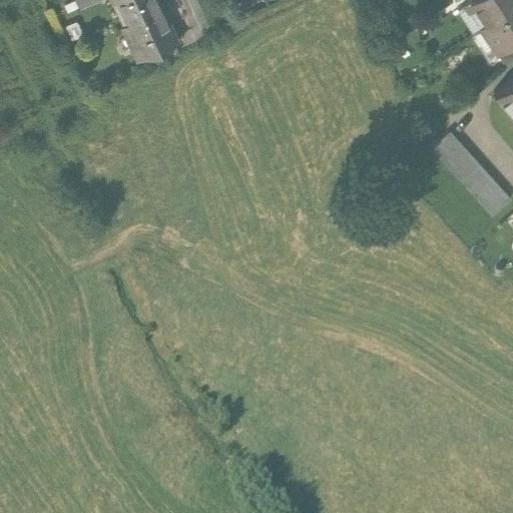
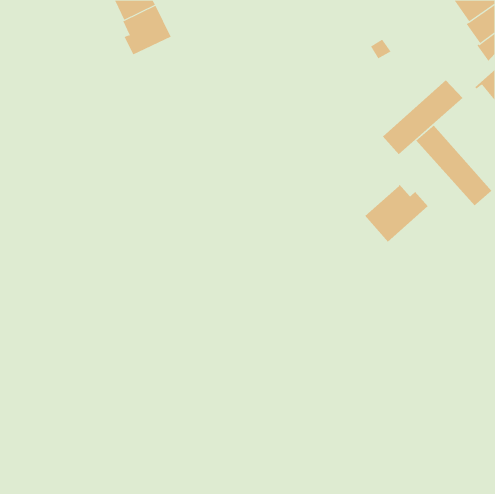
building: none -> [382,80,463,155]
building: none -> [364,184,429,243]

